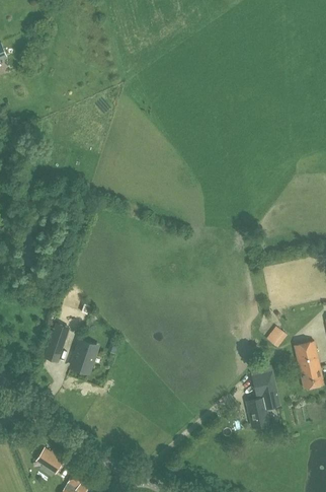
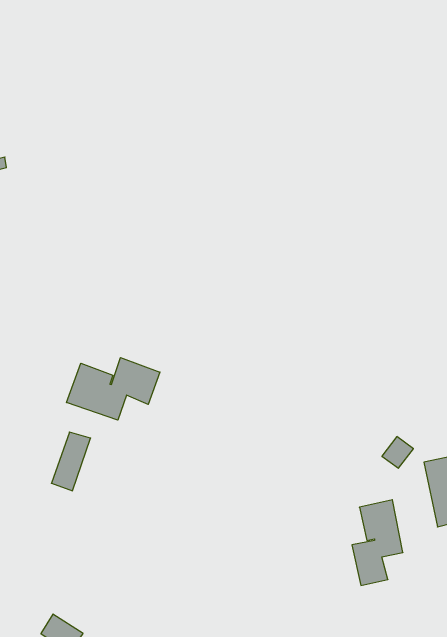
building: none -> [67,358,160,420]
building: [70,341,96,372] -> none

